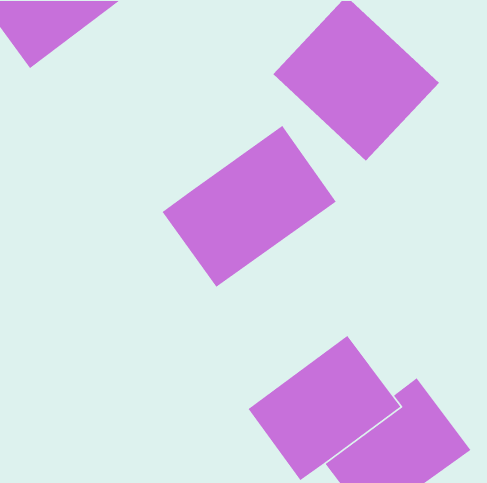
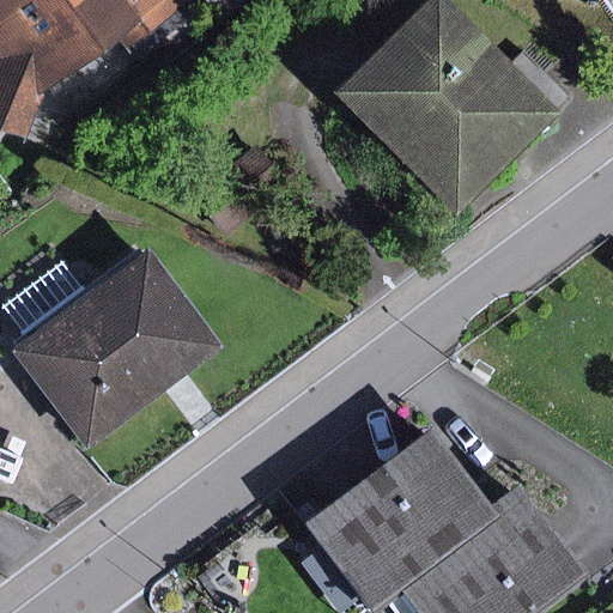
building: [162,125,337,288] -> none
building: none -> [13,255,220,443]

